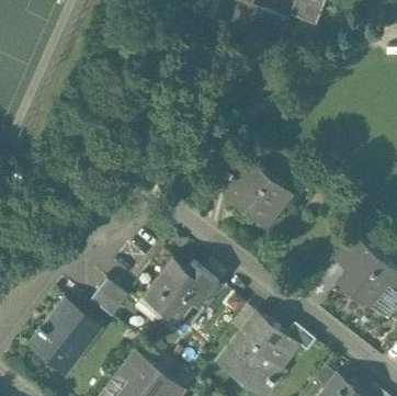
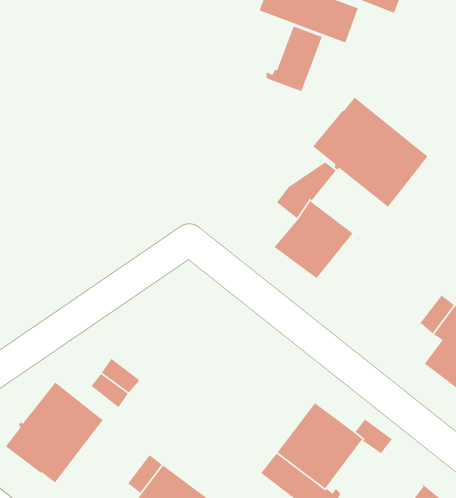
building: none -> [265,26,323,92]
building: none -> [312,96,428,208]
building: [141,258,217,325] -> none

